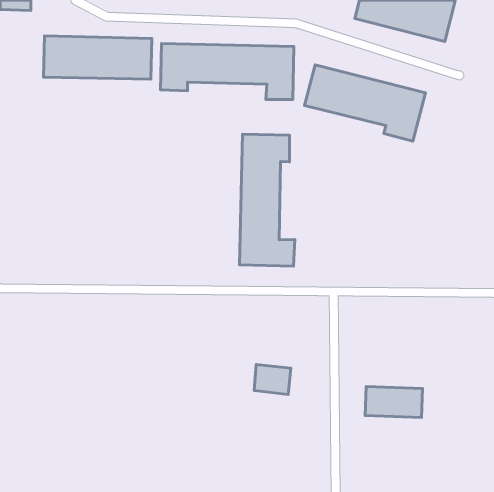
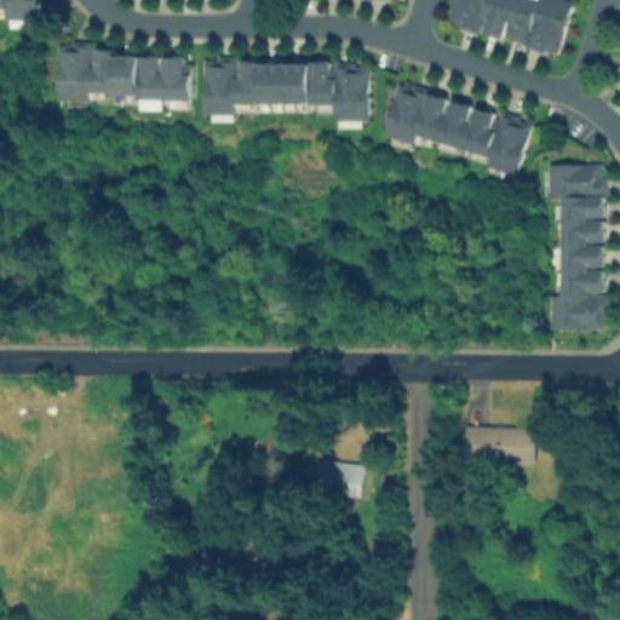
building: none -> [545,163,605,329]
building: [240,134,295,266] -> none
building: [365,387,422,418] -> [464,425,535,464]

